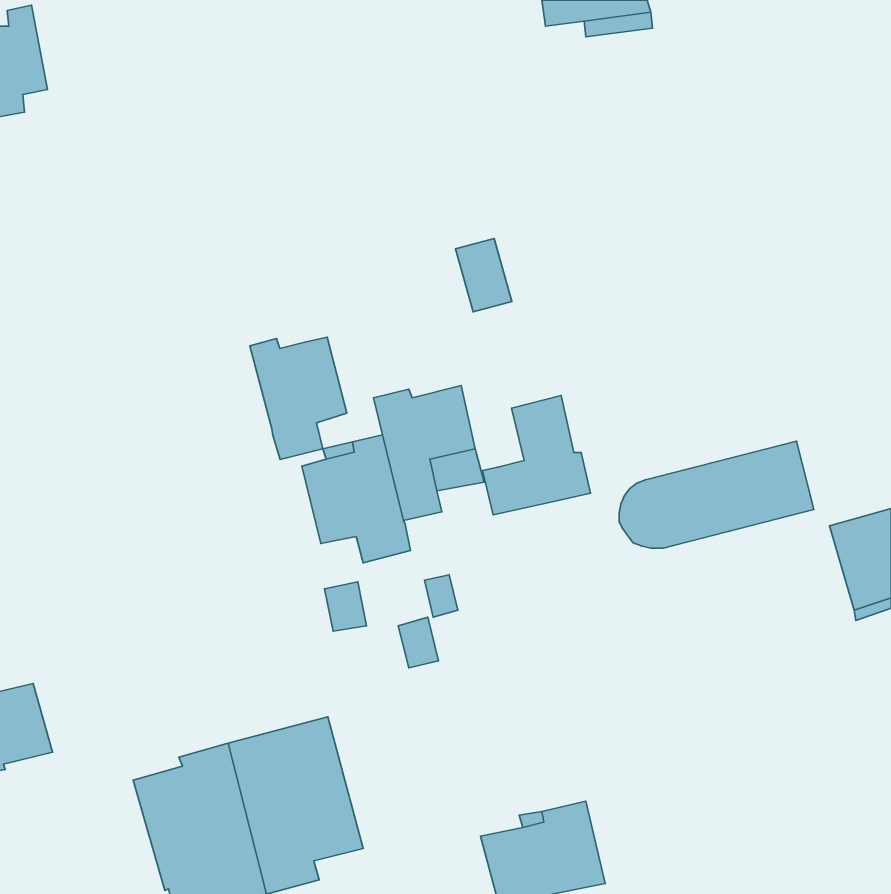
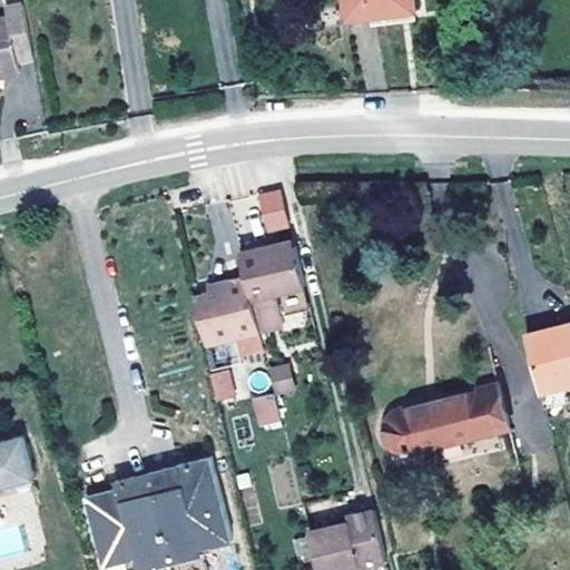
building: [456,238,512,312] -> [252,188,287,235]
building: [250,337,347,459] -> none
building: [483,396,590,515] -> none
building: [619,441,814,548] -> [383,384,507,452]

